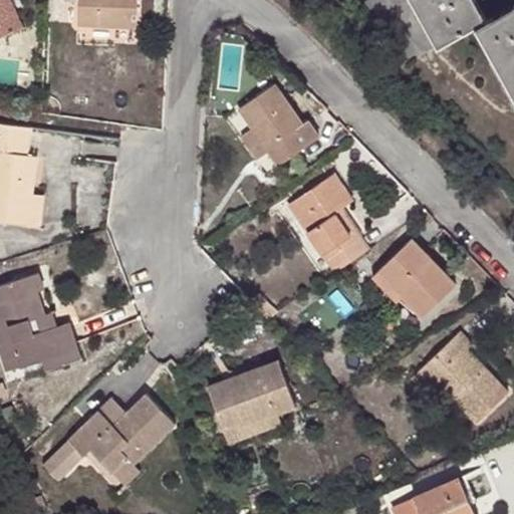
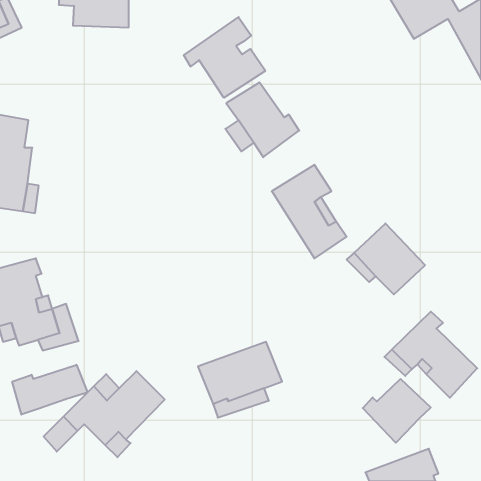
building: none -> [184,17,265,98]
building: none -> [12,365,87,415]
building: none -> [363,379,431,443]

